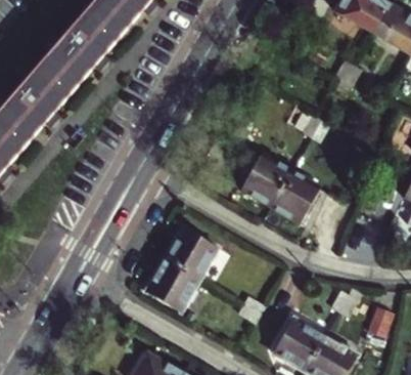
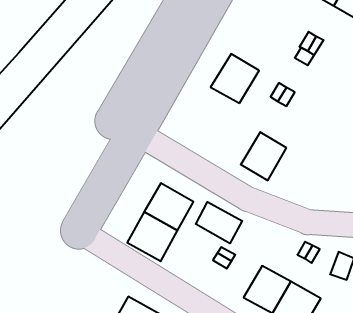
building: [237,153,290,207] -> [211,54,259,103]
building: none -> [196,202,242,243]

